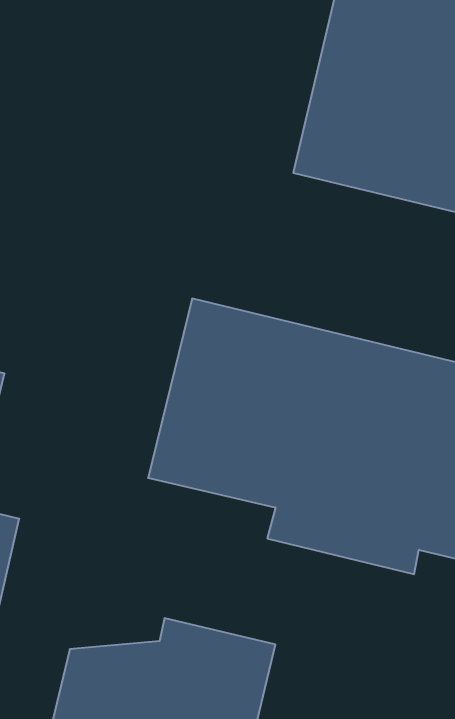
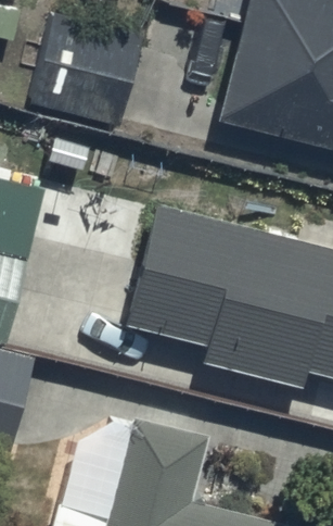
building: none -> [33,12,146,126]

